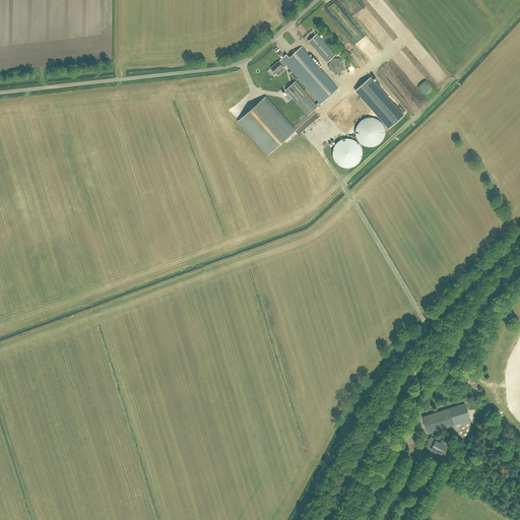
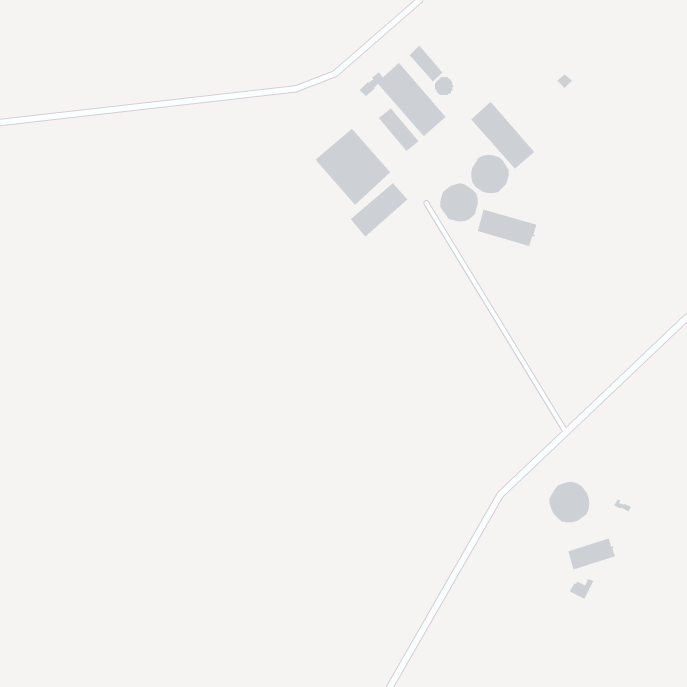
building: none -> [350,182,408,237]
building: none -> [477,209,537,247]
building: none -> [549,481,590,523]

